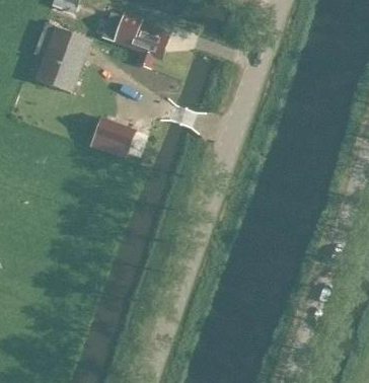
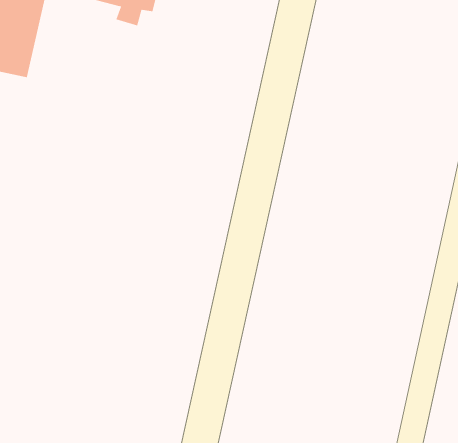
building: [91,119,135,157] -> none

